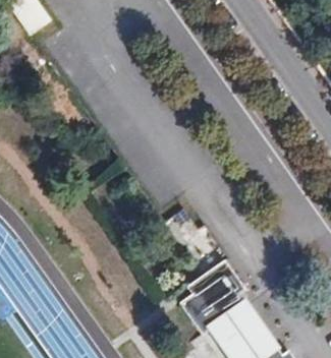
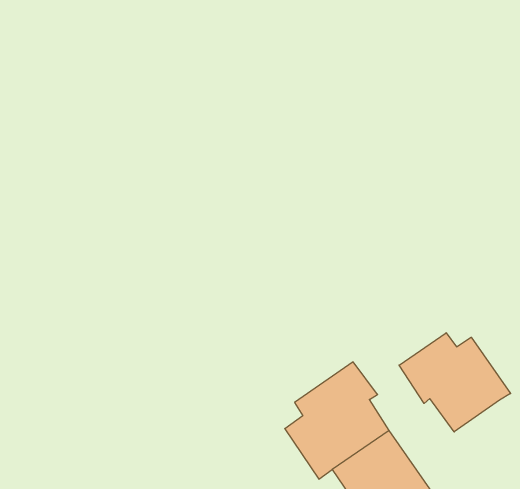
building: none -> [399,333,511,432]

